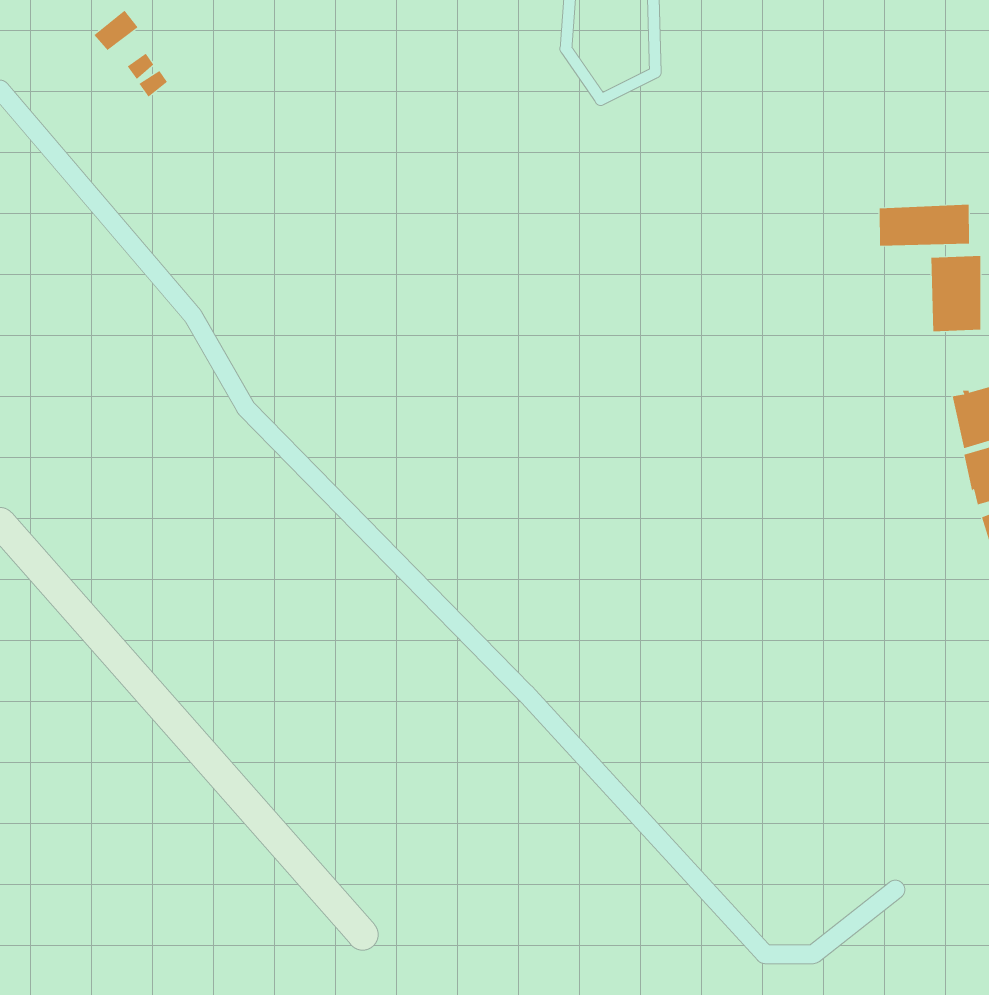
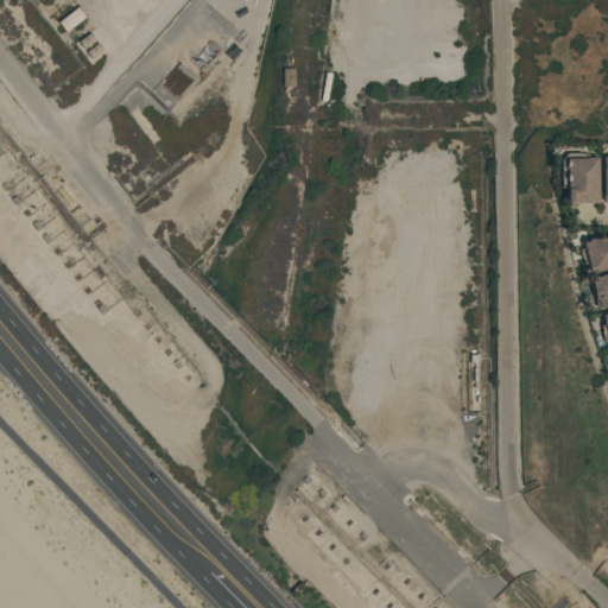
building: [879,204,969,247] -> none

